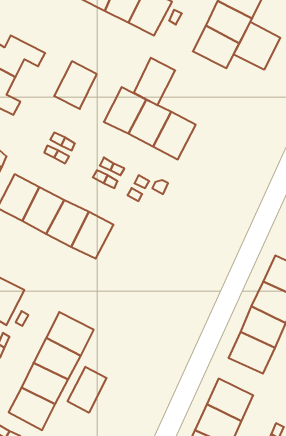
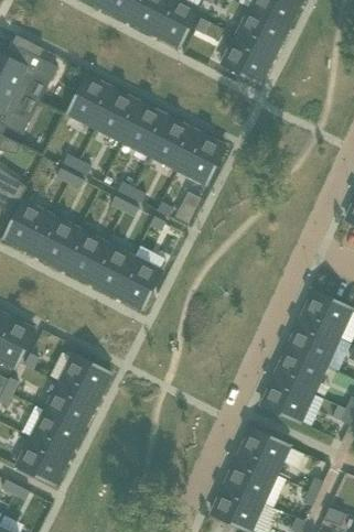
building: [234,22,280,70] -> none
building: [134,58,175,105] -> [97,89,143,142]
building: none -> [115,257,162,308]
building: [68,367,107,413] -> none

